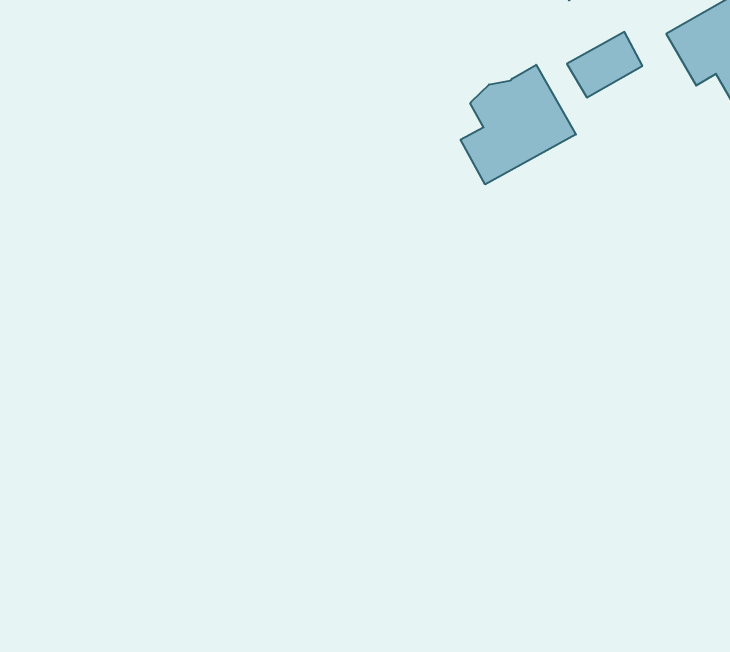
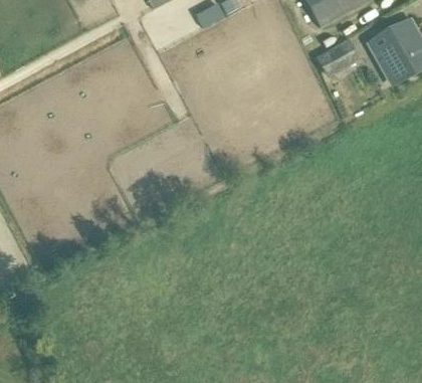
building: [461,65,576,184] -> none

